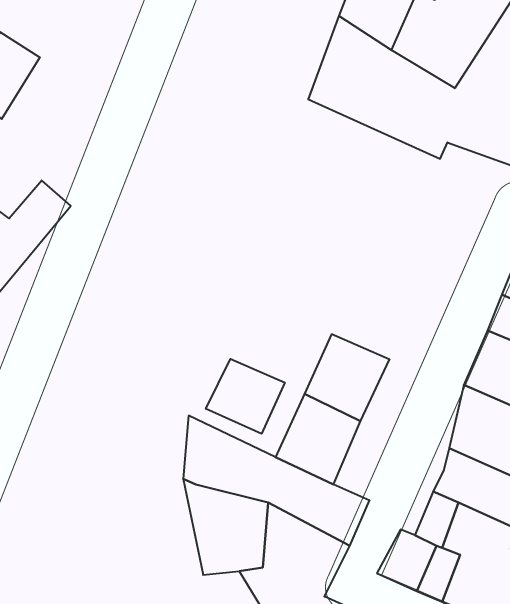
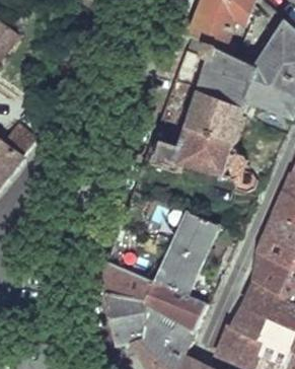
building: none -> [152,78,247,176]
building: [206,359,285,434] -> none

